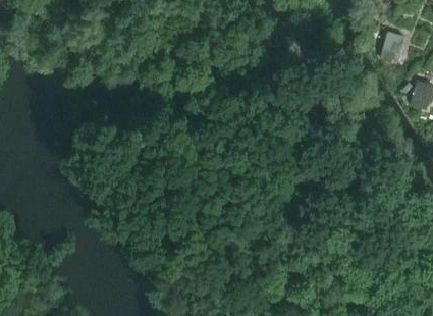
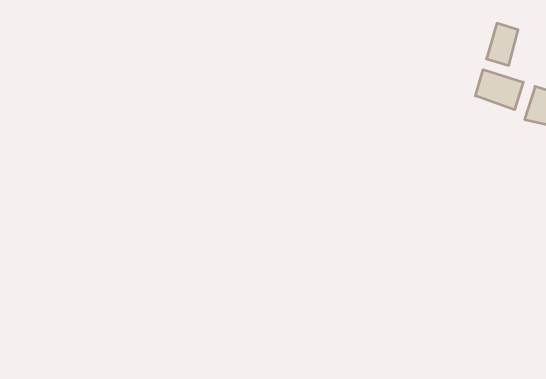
building: none -> [475,70,523,110]

